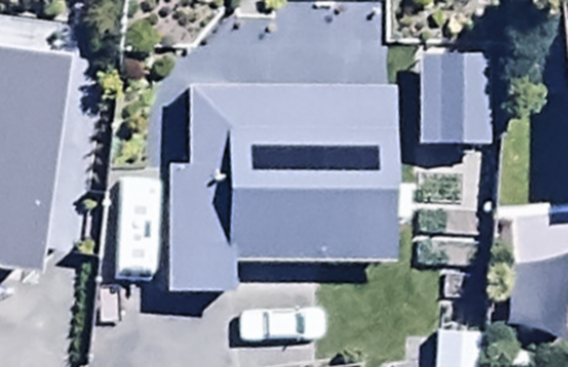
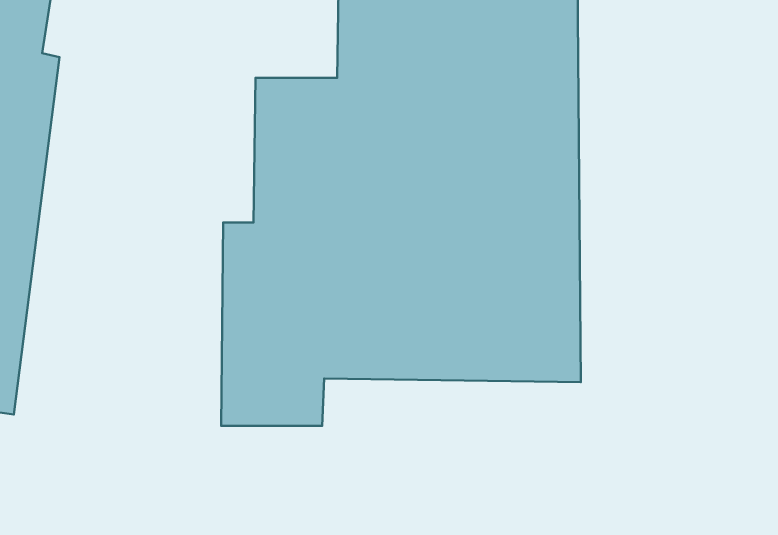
building: [417,35,497,148] -> none

